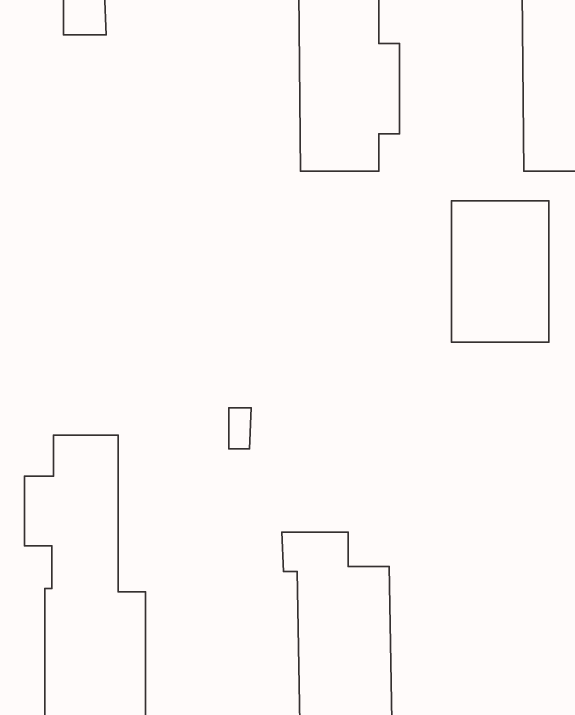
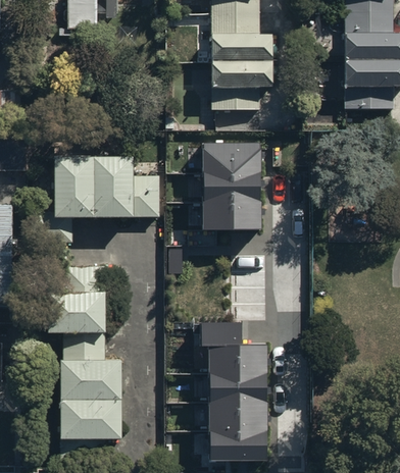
building: [452,201,549,342] -> [203,144,261,228]
building: none -> [55,155,160,217]

